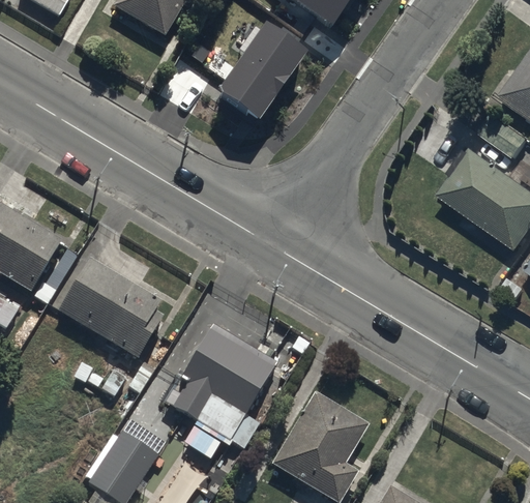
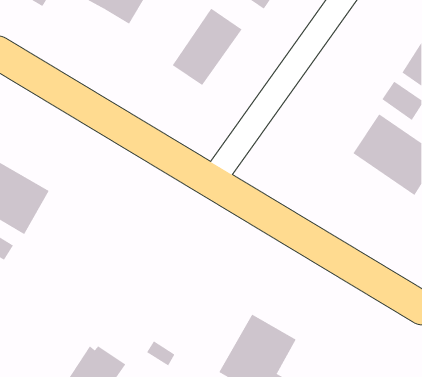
building: [61,261,167,361] -> none
building: [171,330,281,450] -> none

